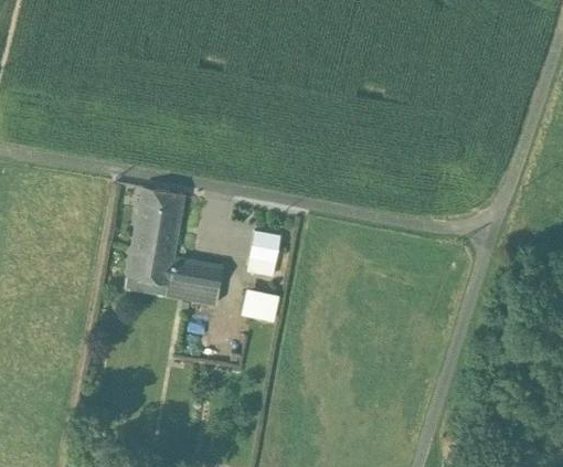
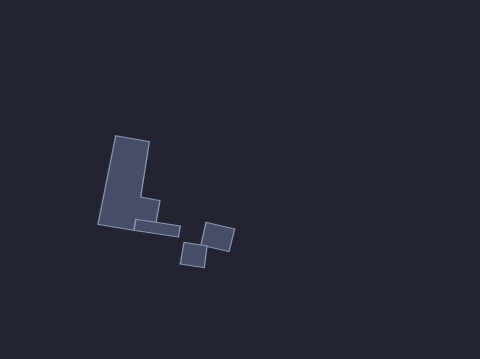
building: [249,231,279,261] -> none
building: [190,263,221,291] -> [180,242,207,268]

